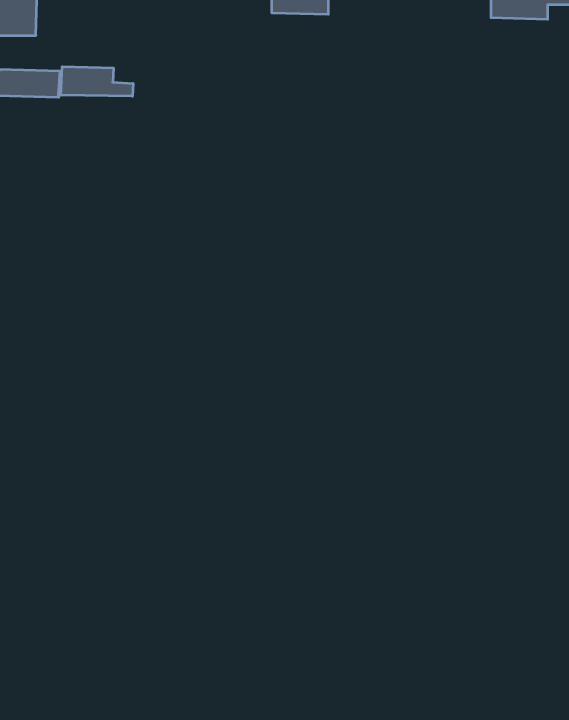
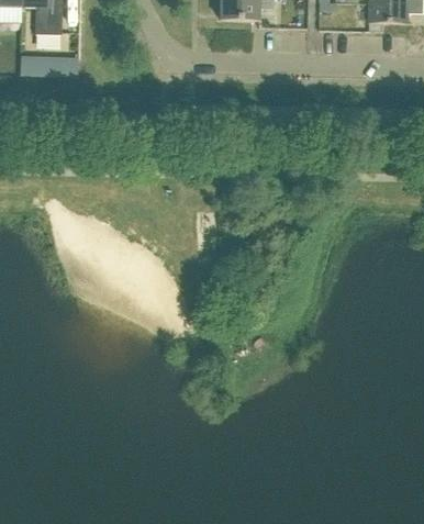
building: [61,67,133,96] -> none

